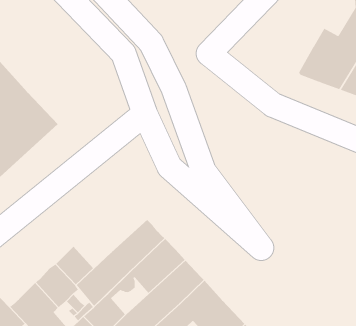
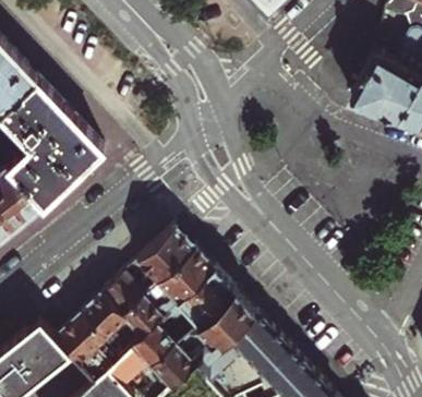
building: none -> [135,228,193,285]

